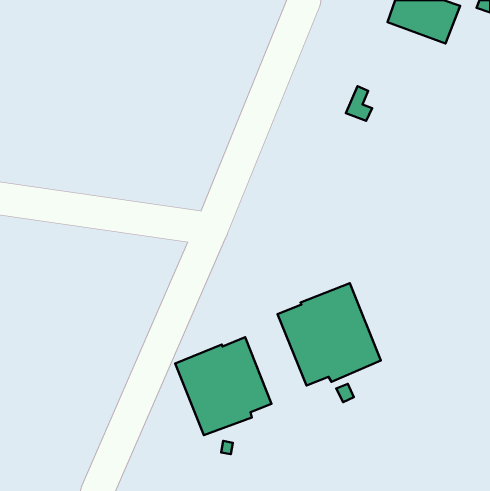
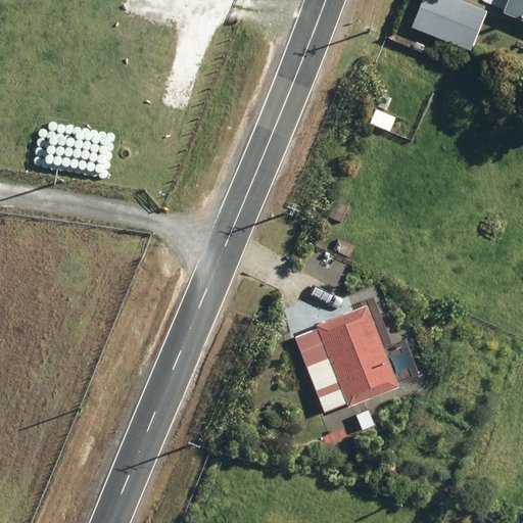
building: [175,337,272,435] -> none

